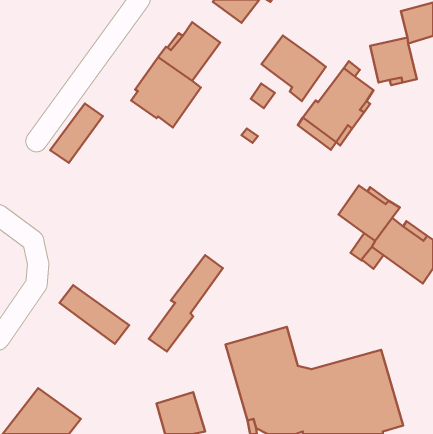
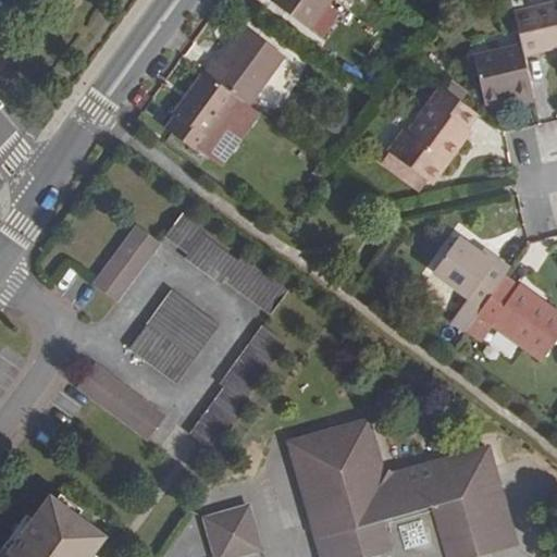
building: [261,35,326,101] -> none
building: [50,103,103,163] -> [92,225,160,301]
building: none -> [165,214,286,312]
building: none -> [128,289,219,382]

